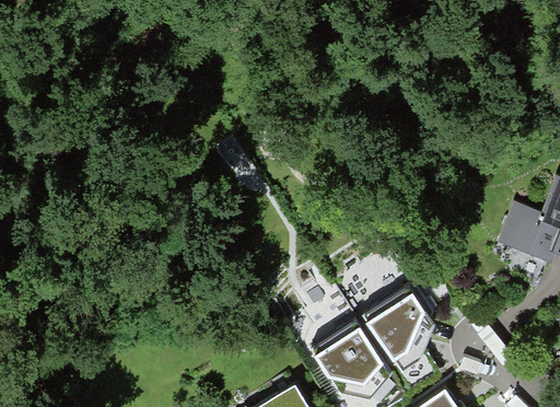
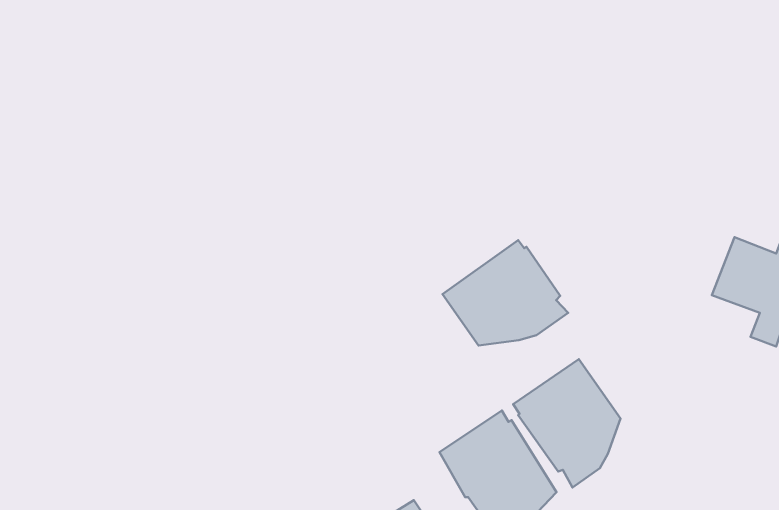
building: none -> [443,240,568,346]

